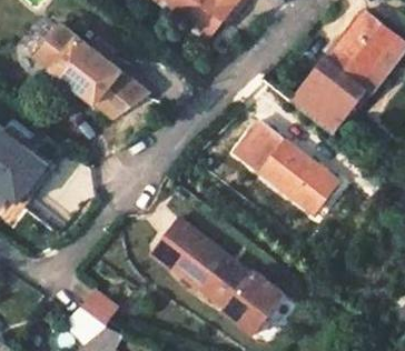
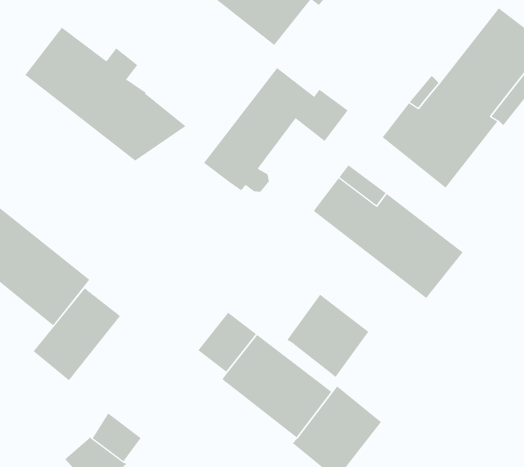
building: none -> [203,67,348,192]
building: none -> [33,288,121,381]
building: none -> [286,294,369,378]

